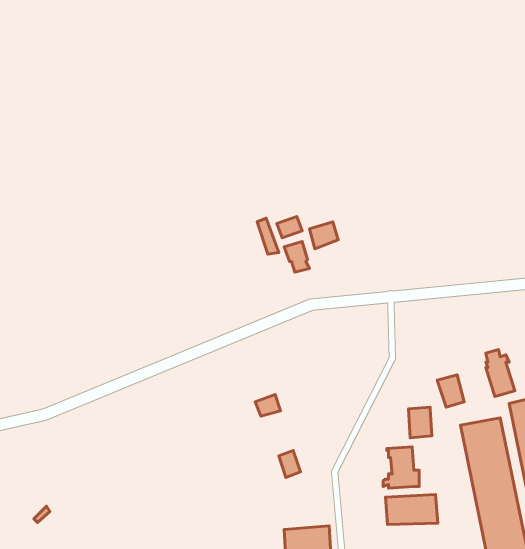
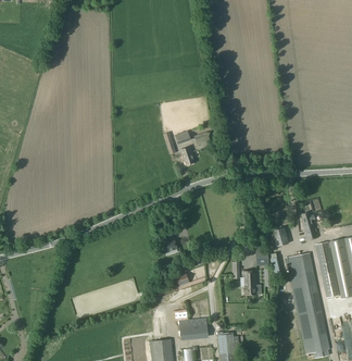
building: [385,494,438,524] -> none

